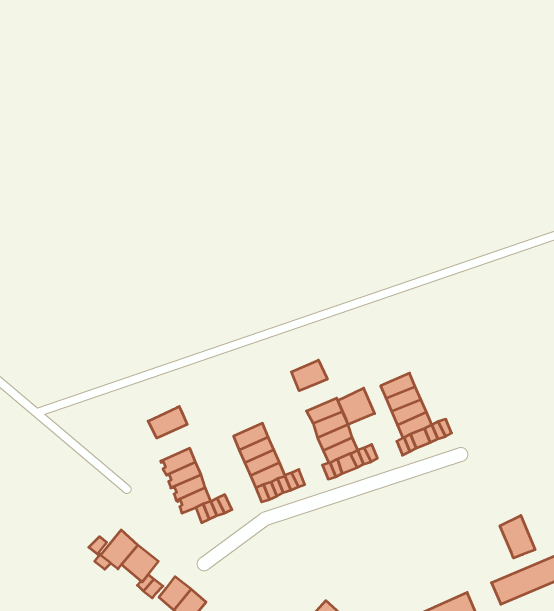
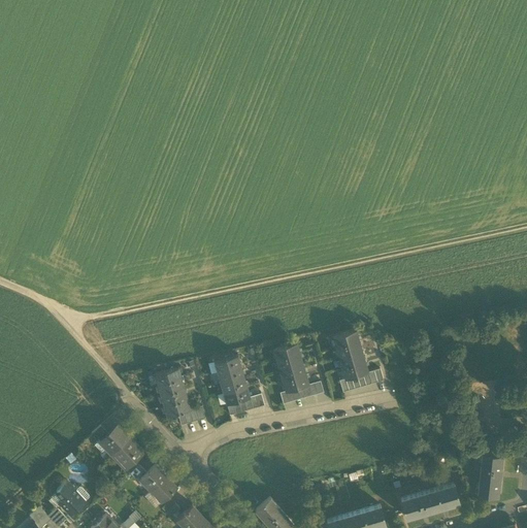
building: [291,360,327,391] -> none
building: [338,388,375,424] -> none
building: [148,406,187,438] -> none
building: [500,515,535,558] -> none

